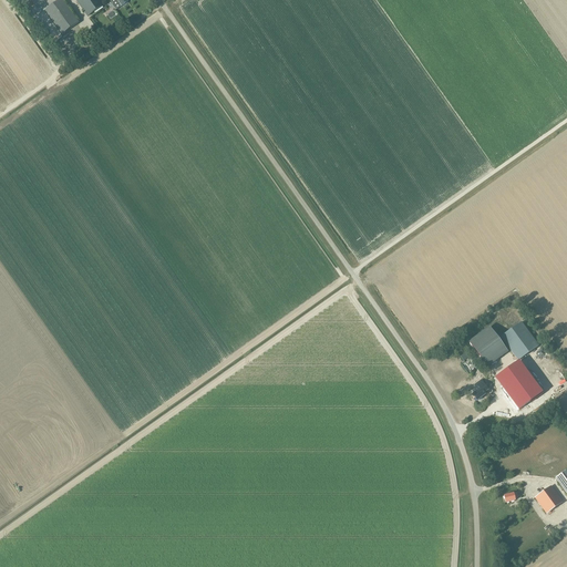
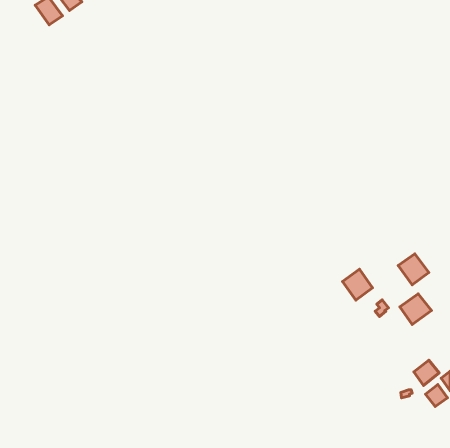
building: [470,324,507,363] -> [343,269,373,300]
building: none -> [414,360,439,385]

